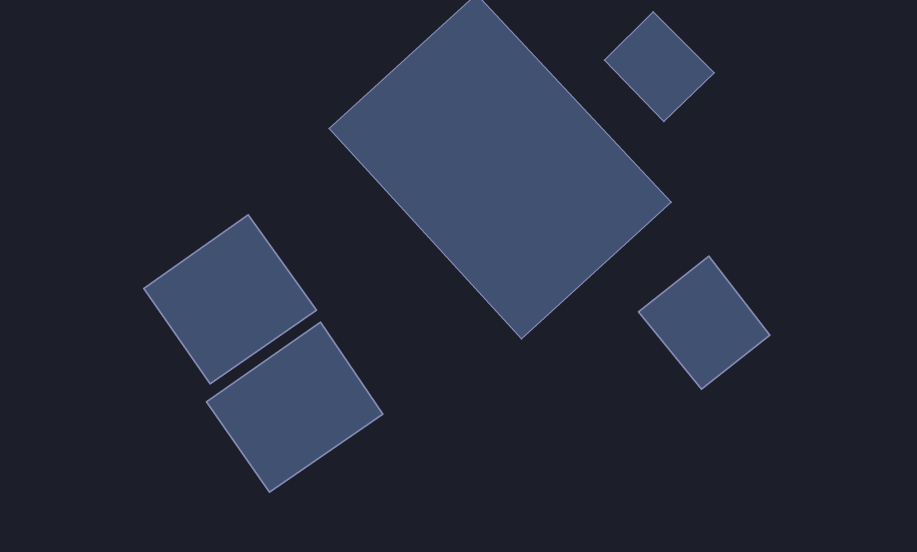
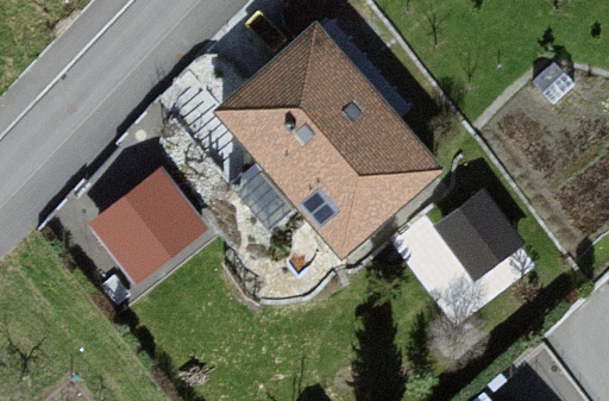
building: [206,322,383,492] -> none

